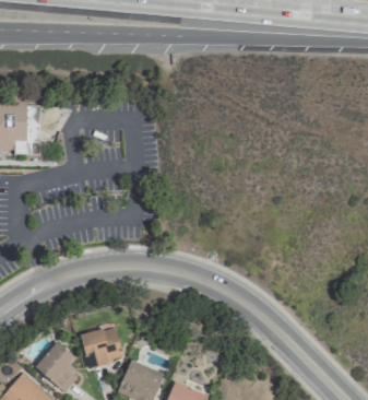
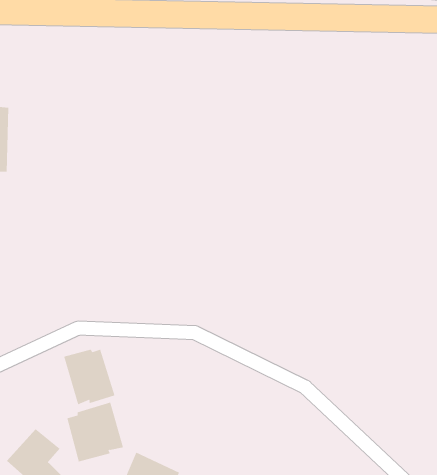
building: none -> [63,349,115,405]

